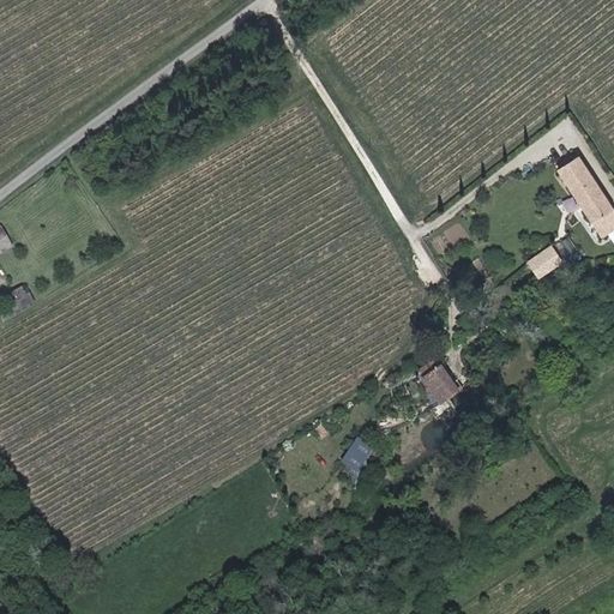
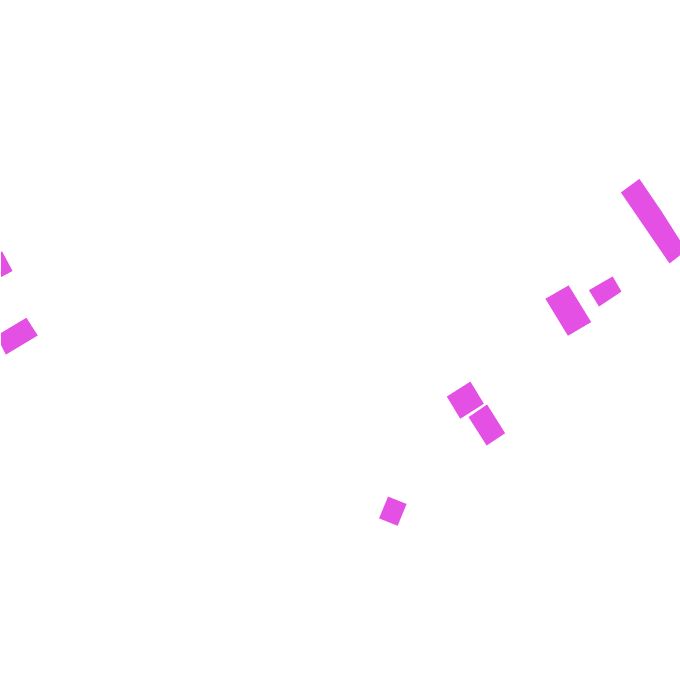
building: none -> [544,284,592,337]
building: none -> [446,381,485,420]

